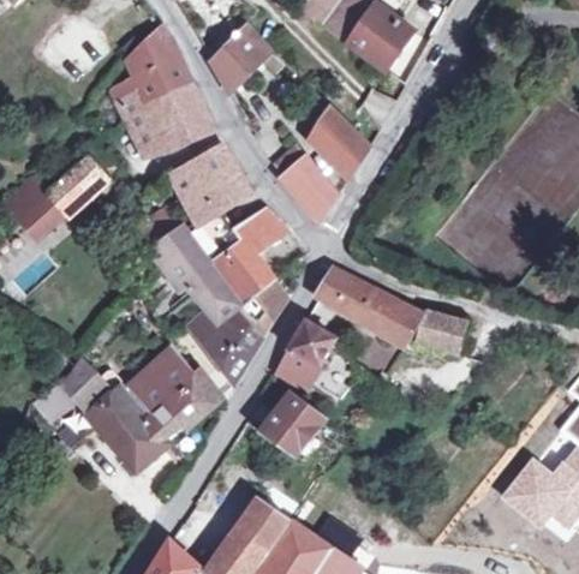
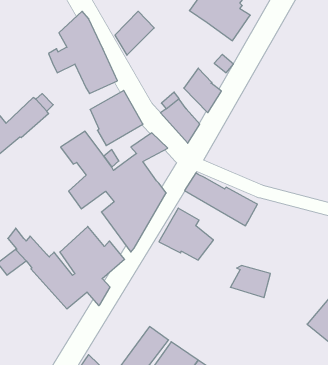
building: [123,104,166,151] -> none
building: [408,309,468,357] -> [230,266,270,298]
building: [259,393,327,456] -> none

